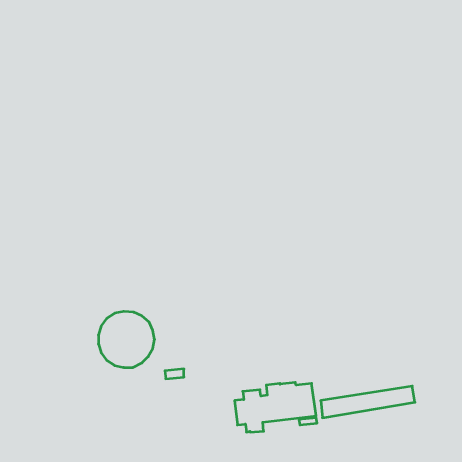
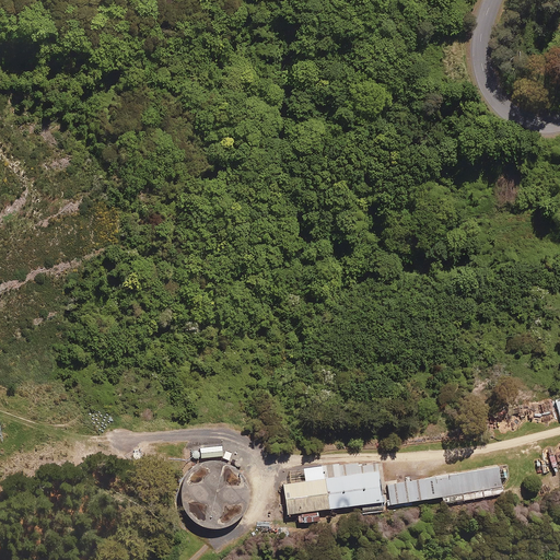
building: [98,311,155,367] -> [180,460,248,528]

